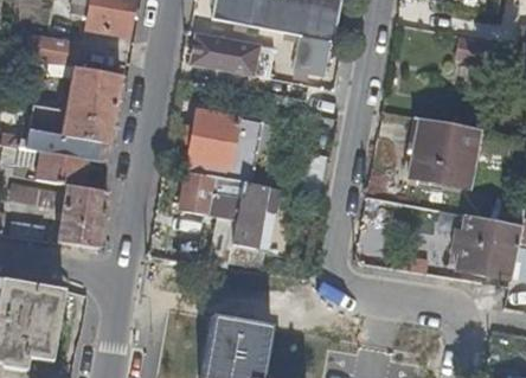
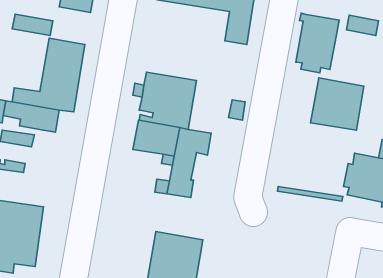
building: [192,34,275,73] -> none
building: none -> [296,13,339,73]
building: [56,186,107,250] -> none

